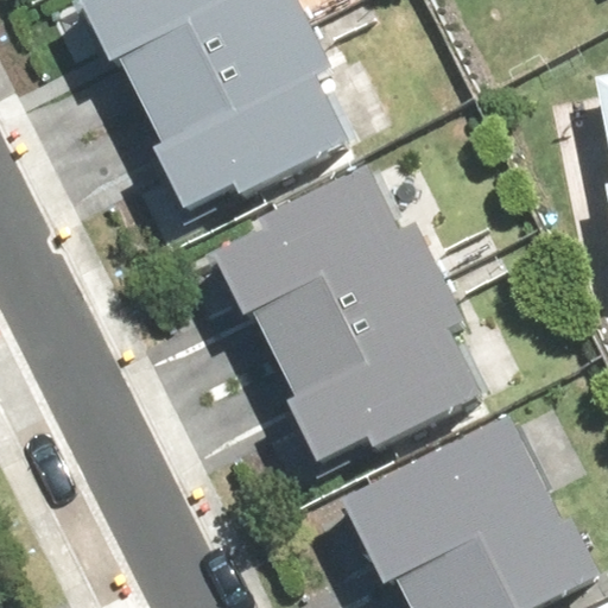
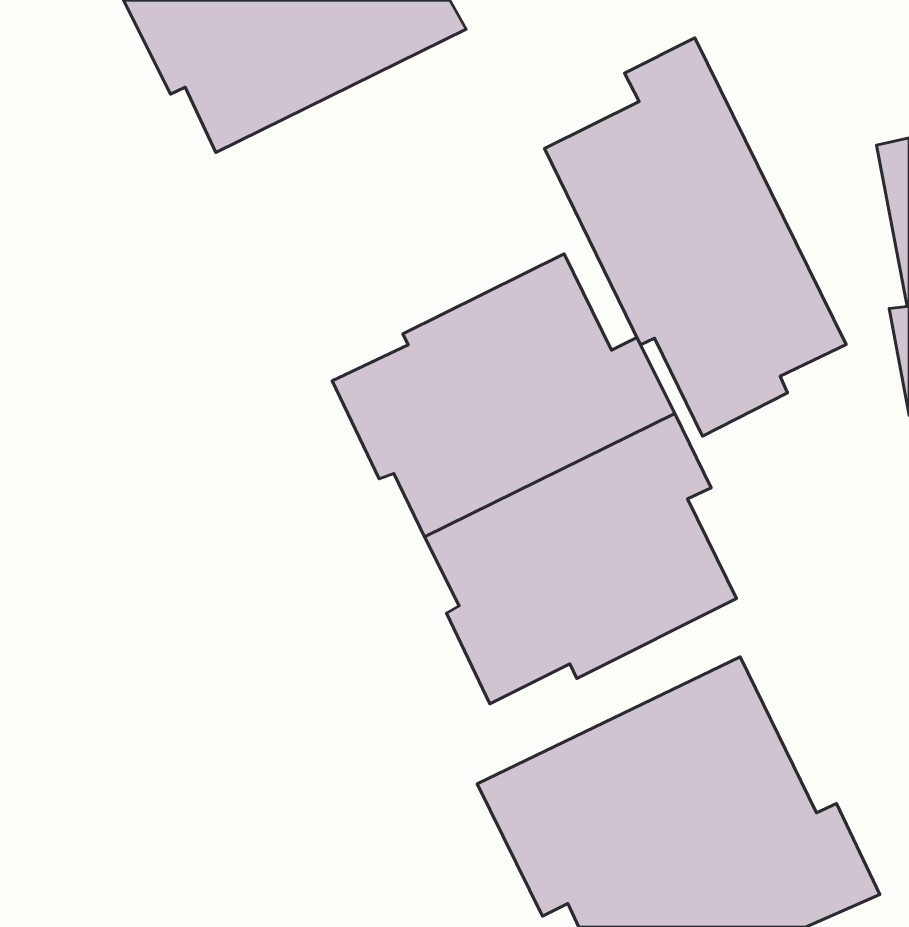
building: [141,19,346,209] -> none
building: none -> [544,38,846,436]

